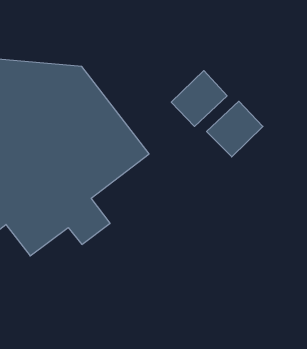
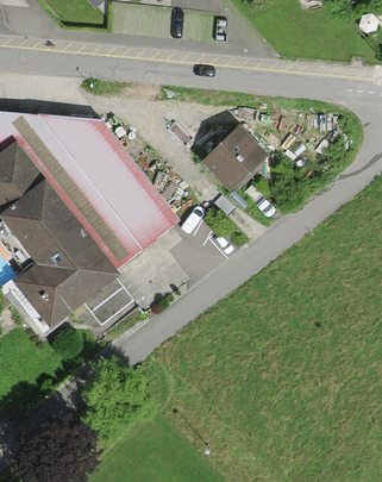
building: [207,101,263,157] -> none

